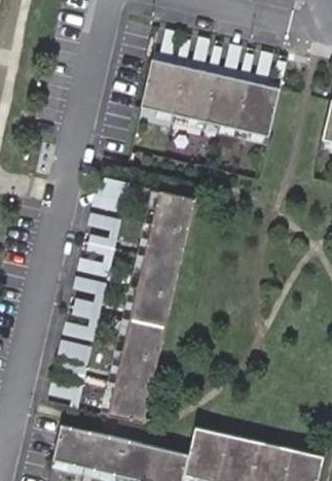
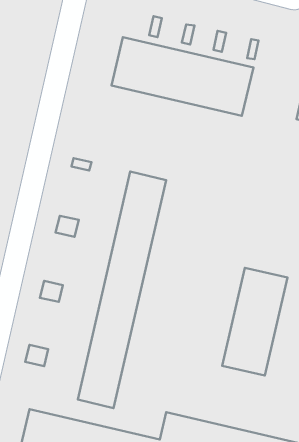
building: none -> [222,268,287,375]

